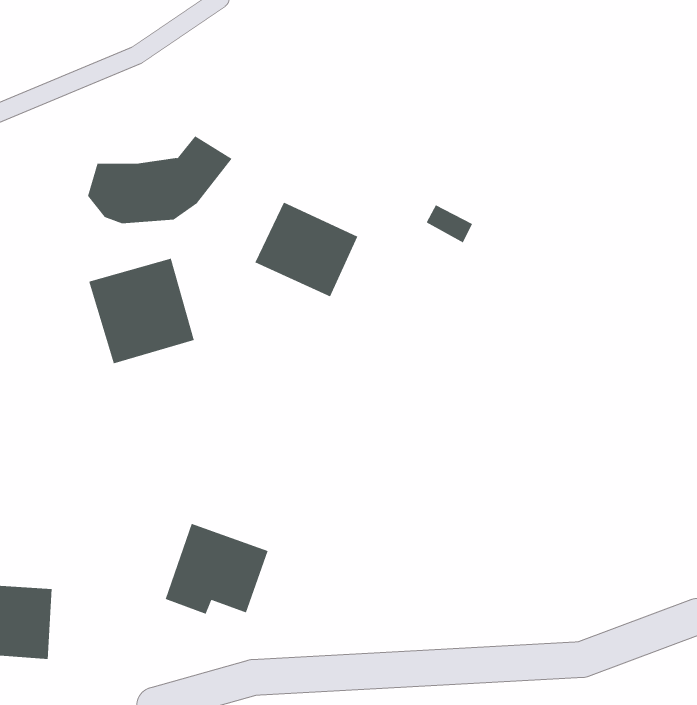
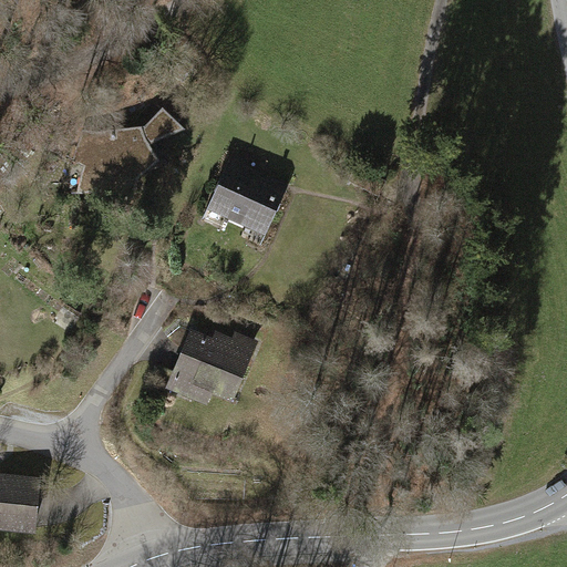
building: [89,258,195,364] -> none
building: [165,523,269,614] -> [168,326,251,399]

